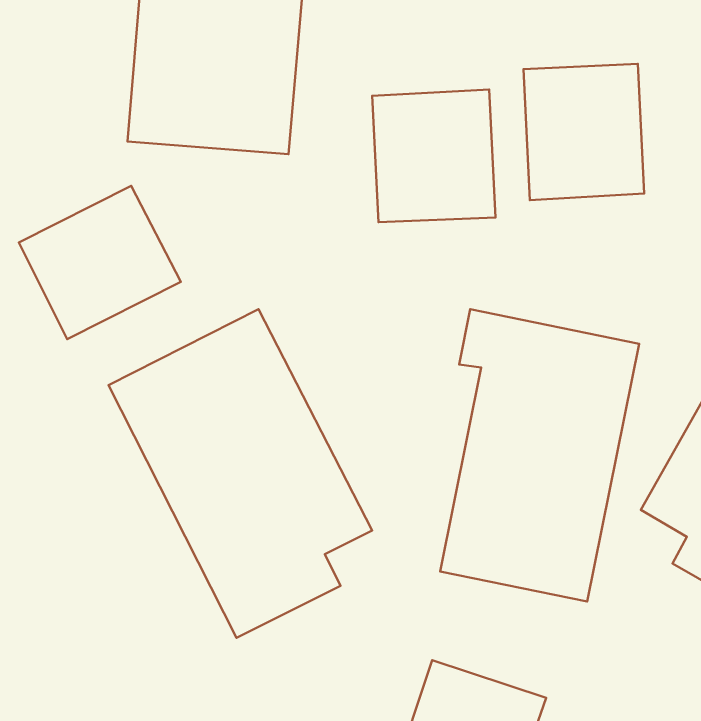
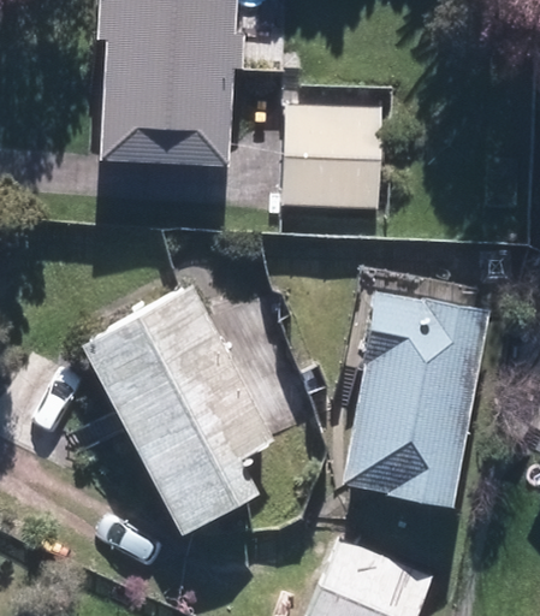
building: [523,64,644,200] -> none
building: [19,186,181,339] -> none

